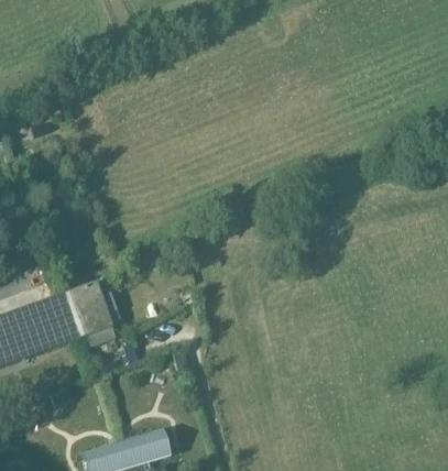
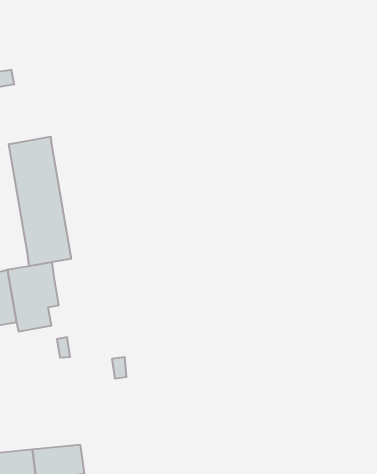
building: none -> [9,137,71,266]

